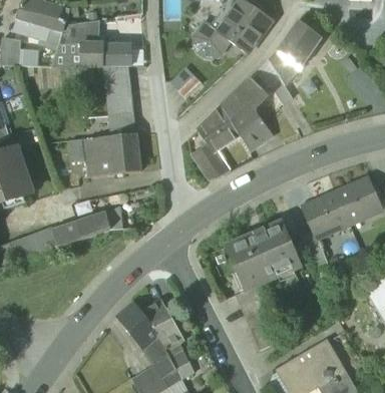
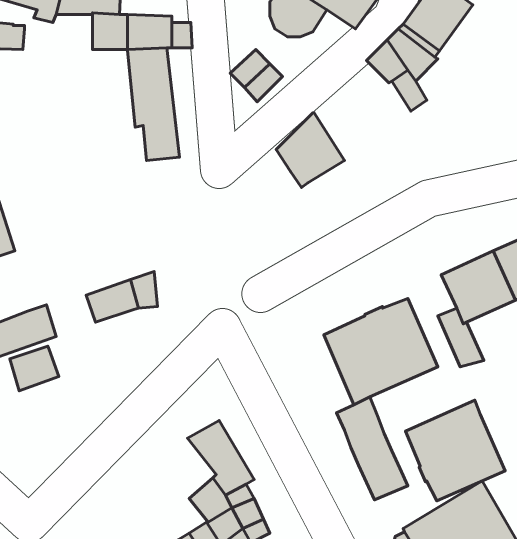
building: [52,43,81,65] -> none
building: [222,77,273,150] -> none
building: [70,133,140,176] -> none
building: [190,142,231,179] -> none
building: [52,219,83,247] -> [10,346,59,391]
building: none -> [406,400,505,501]
building: [116,300,159,349] -> none

